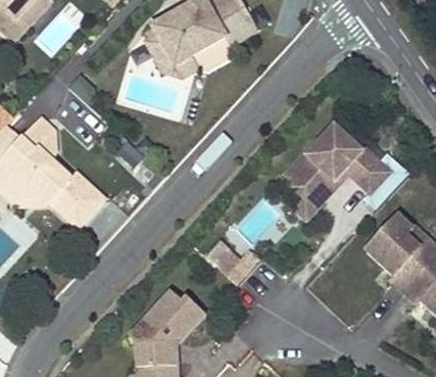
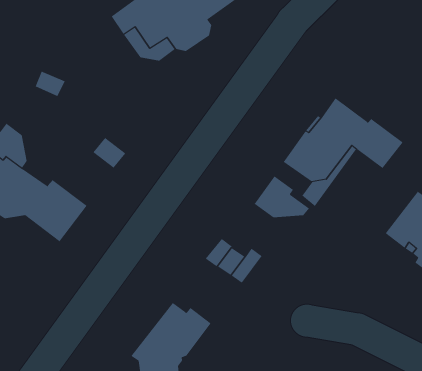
building: none -> [254,175,310,218]

